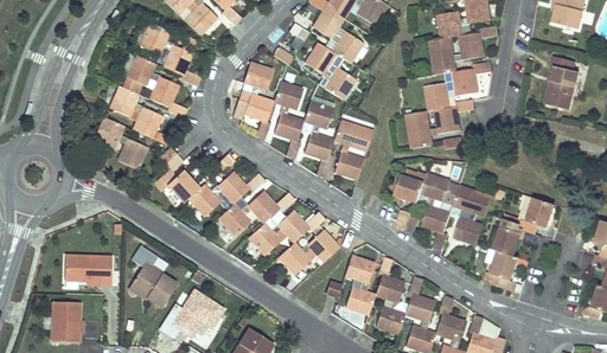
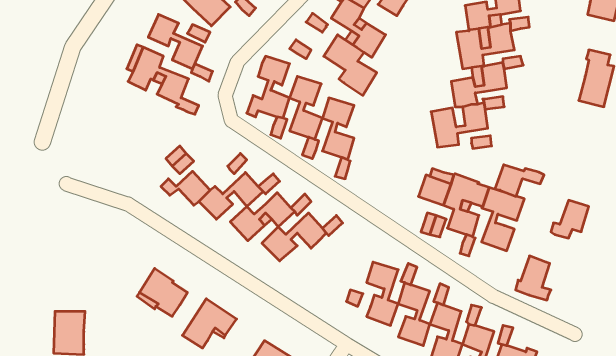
building: [109,86,161,137] -> none
building: [94,117,146,168] -> none
building: [333,120,372,179] -> none
building: [493,226,539,256] -> [495,165,544,196]
building: [277,230,338,274] -> none
building: [64,255,111,284] -> none

